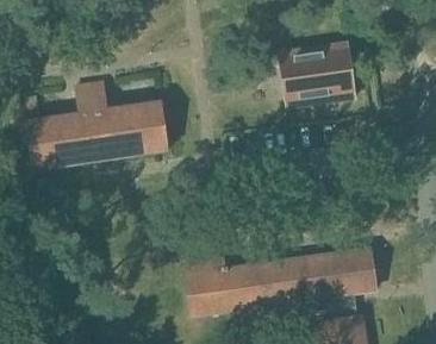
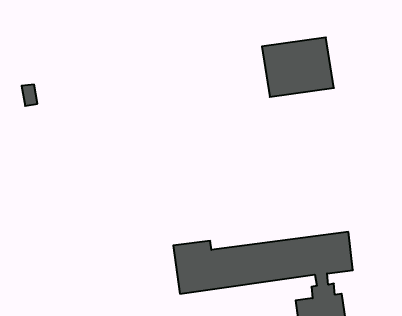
building: [27,81,168,169] -> none

